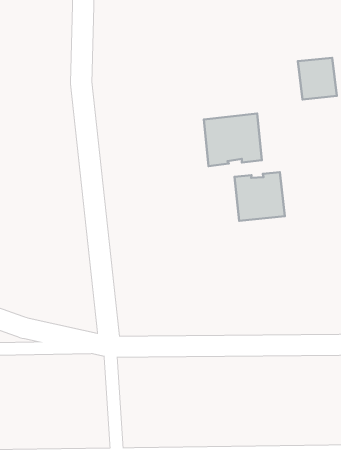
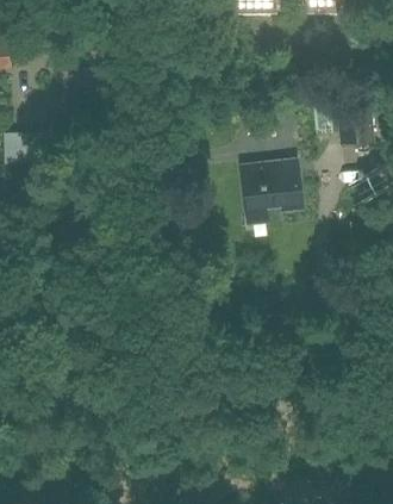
building: [234,172,285,221] -> none

